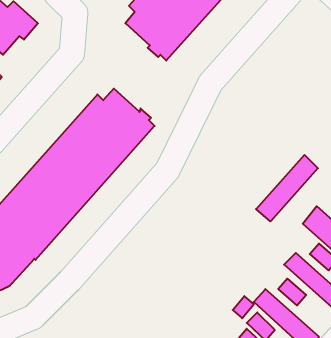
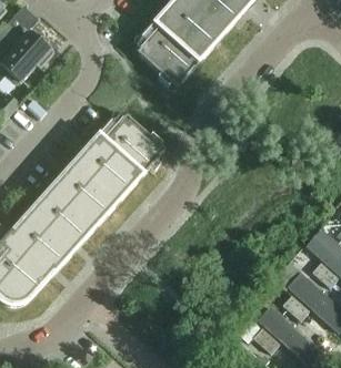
building: [256,155,318,221] -> none

